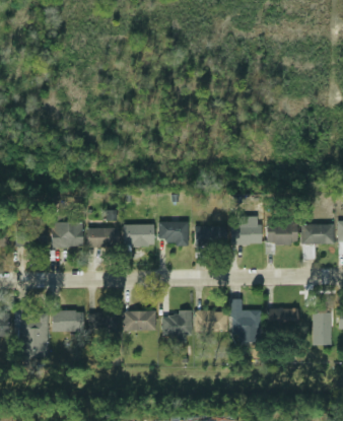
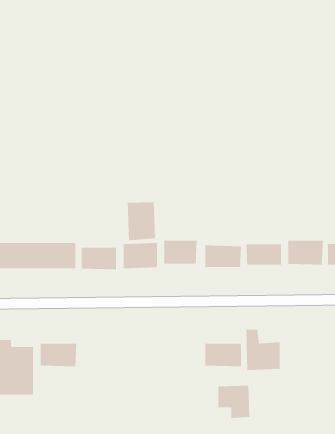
building: none -> [127,201,156,241]
building: [268,307,298,329] -> none
building: [123,310,156,331] -> none
building: [88,312,117,332] -> none
building: [162,312,191,342] -> [218,385,250,419]

